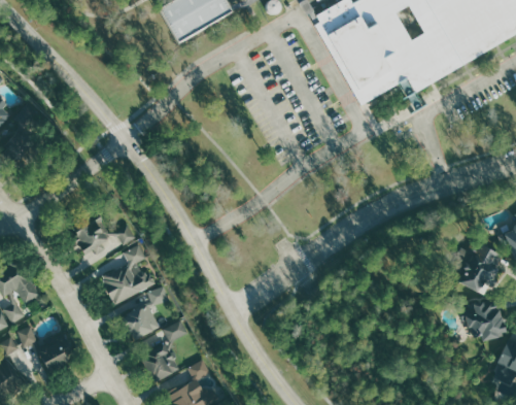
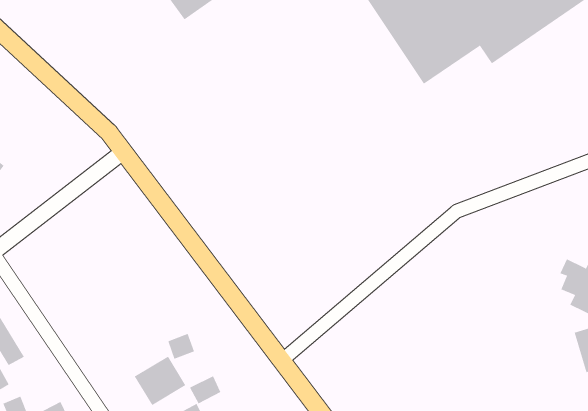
building: [72,218,136,266] -> none
building: [101,245,158,305] -> none

